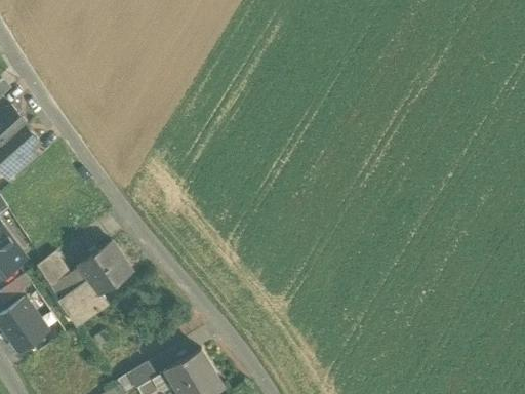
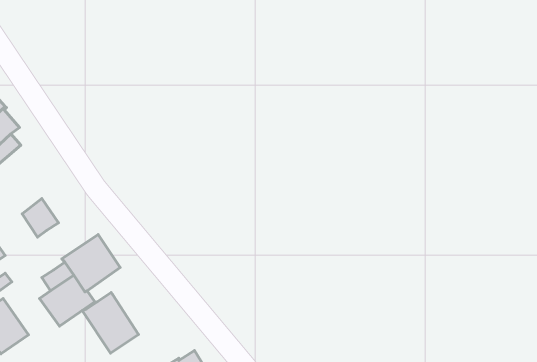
building: [37,250,71,286] -> [22,198,59,237]
building: none -> [82,292,139,353]

